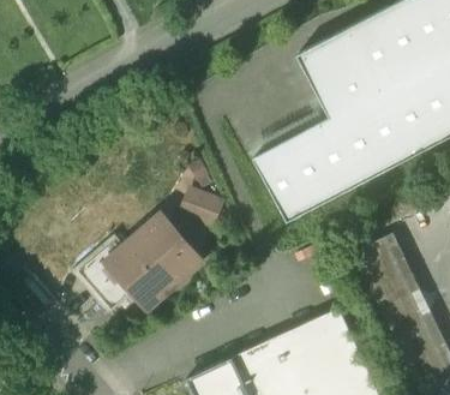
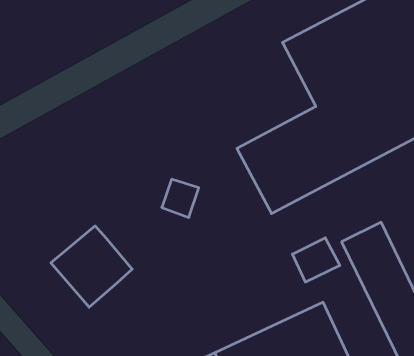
building: [126,215,198,301] -> none
building: none -> [292,238,340,282]

